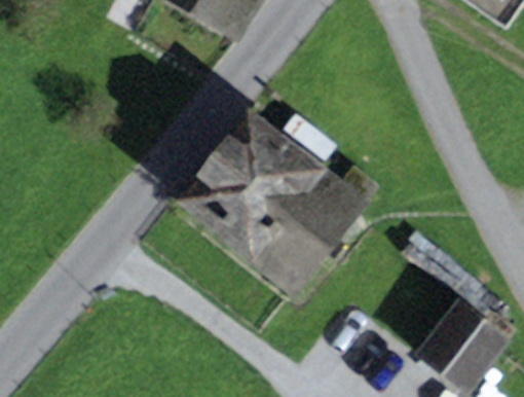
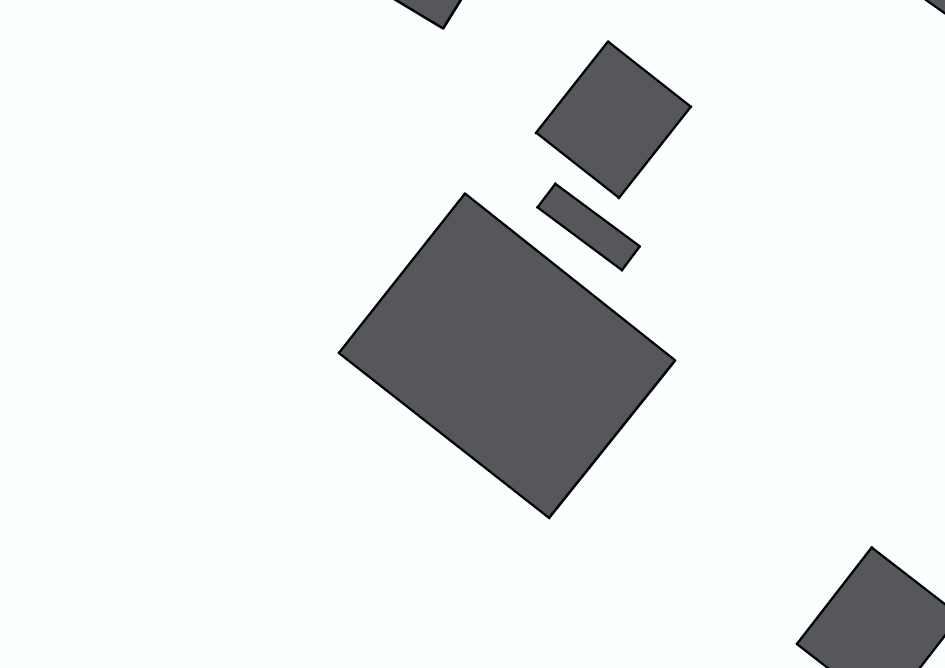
building: none -> [536,42,691,198]

